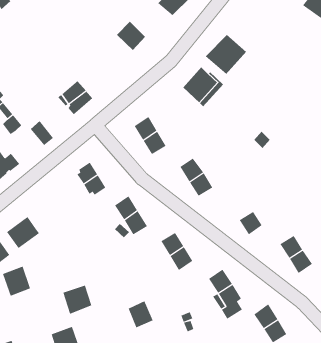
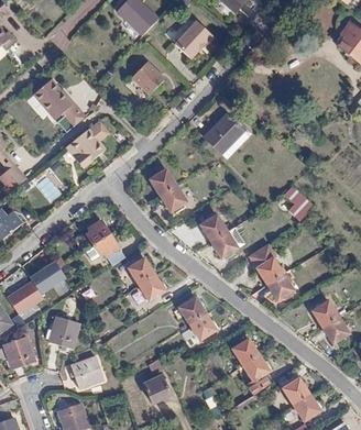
building: [205,34,247,75] -> none
building: none -> [31,80,69,119]
building: none -> [249,244,283,284]
building: none -> [31,258,68,294]
building: none -> [48,316,79,348]

